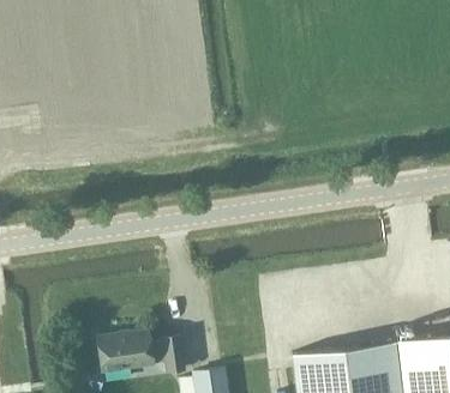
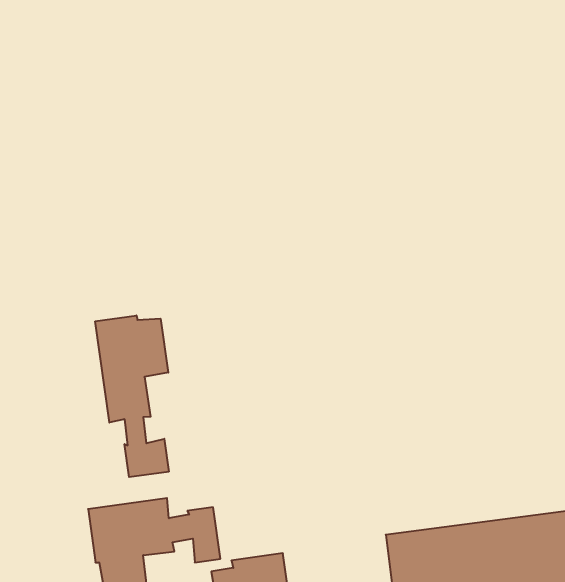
building: none -> [95,315,169,477]

